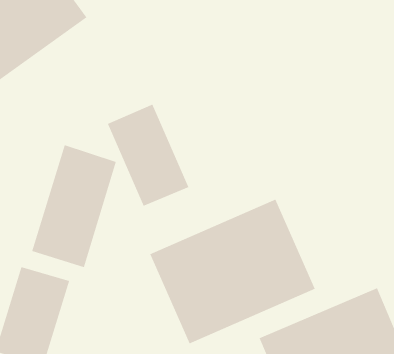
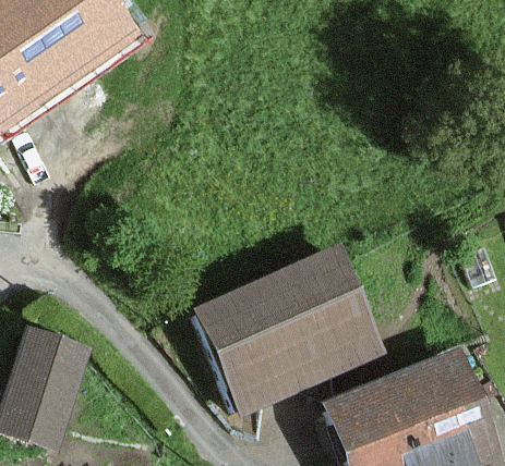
building: [107,103,189,207] -> none
building: [31,144,117,268] -> none

